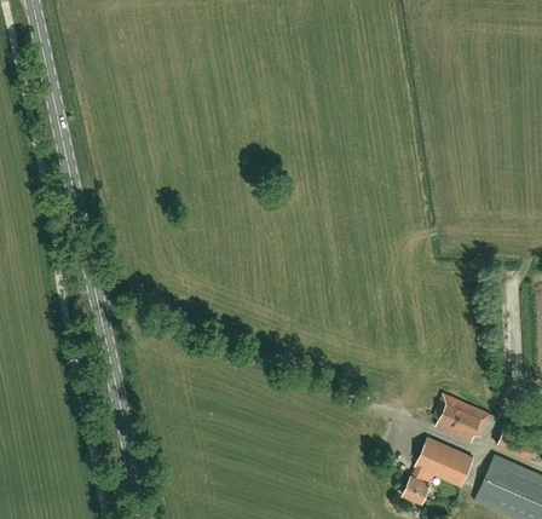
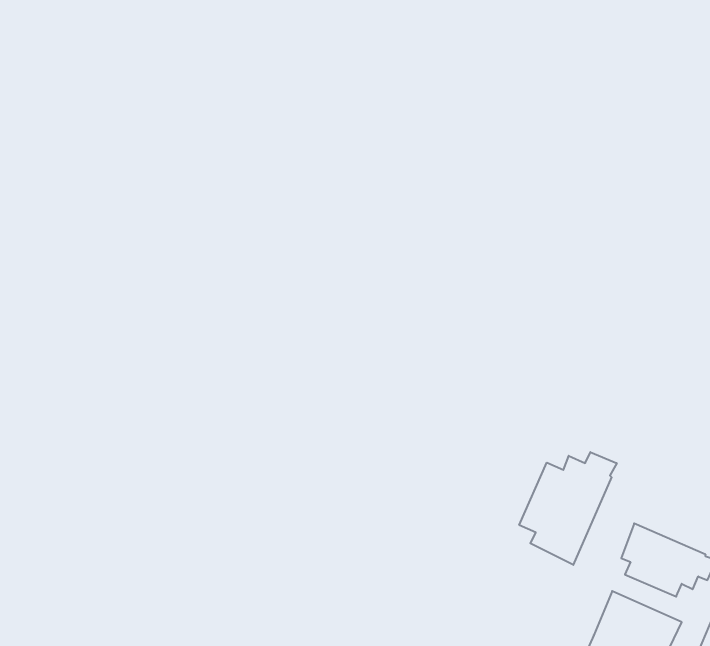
building: none -> [519,452,617,565]

